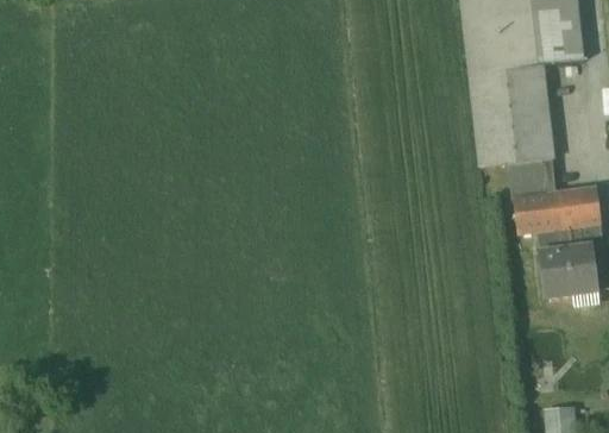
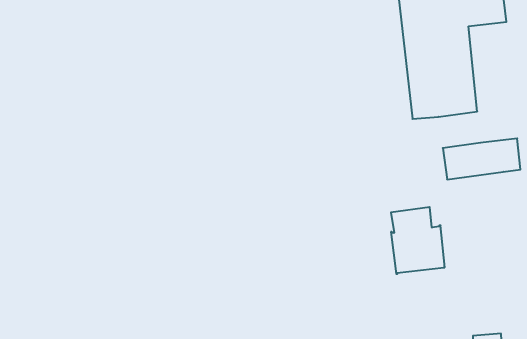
building: [509,157,555,197] -> none
building: [538,224,597,297] -> [391,207,445,274]

